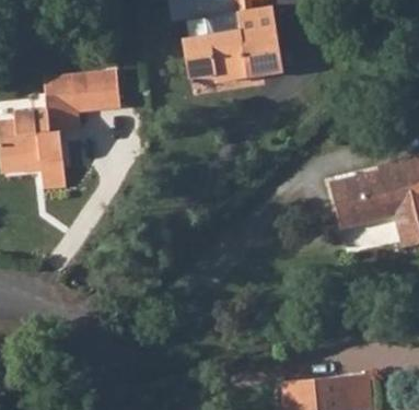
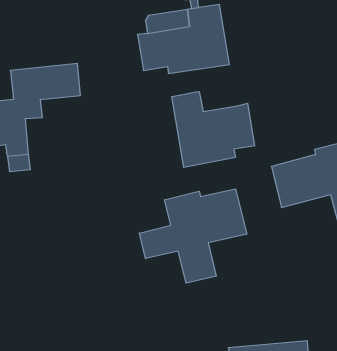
building: none -> [172,92,254,167]
building: none -> [139,189,247,283]

